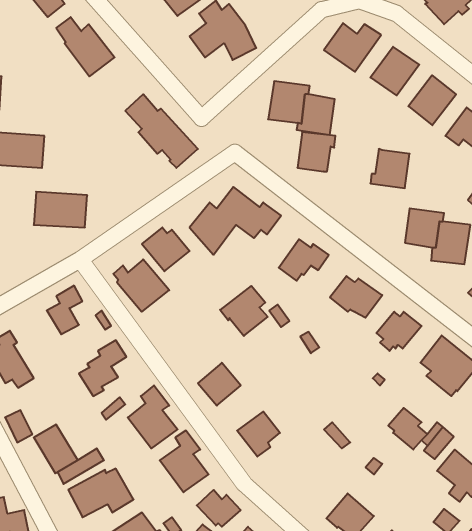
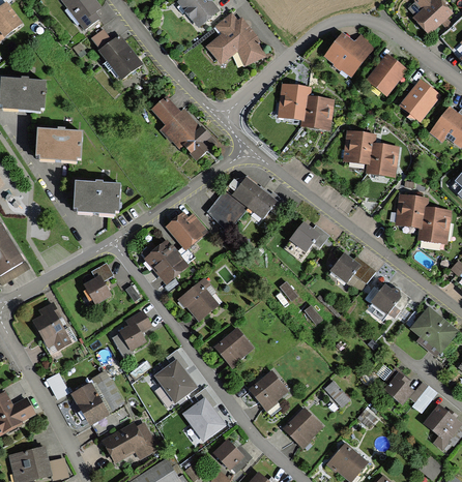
building: [297,132,335,171] -> [343,130,376,164]
building: [220,286,268,336] -> [177,277,219,321]
building: none -> [91,370,123,410]
building: none -> [283,408,321,448]

